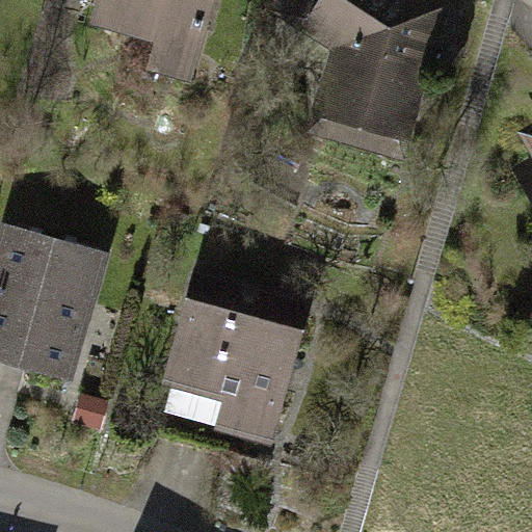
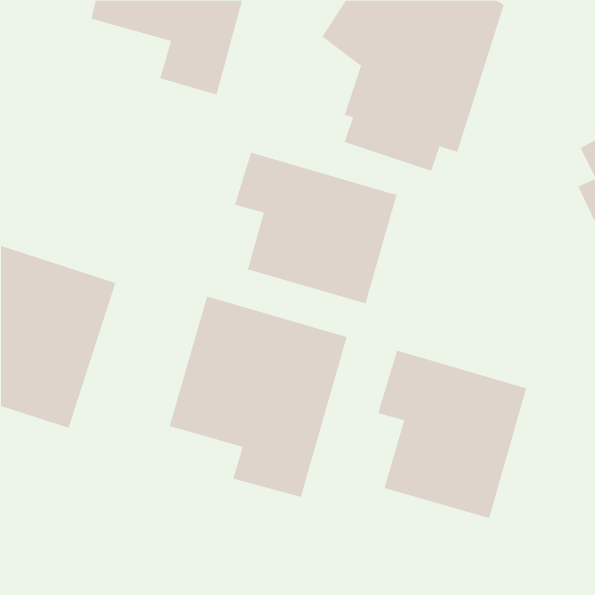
building: none -> [234,152,397,304]
building: none -> [378,350,527,519]

